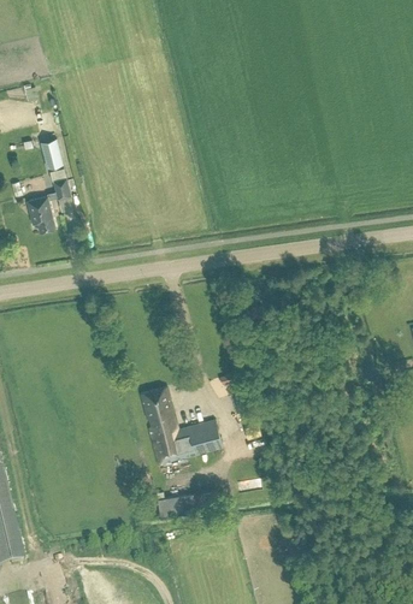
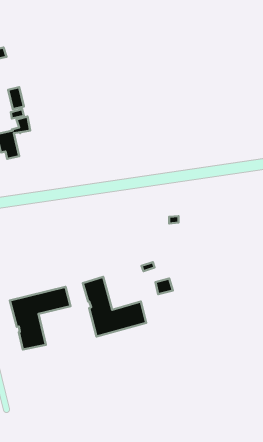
building: none -> [10,287,71,350]
building: [158,490,194,514] -> none

